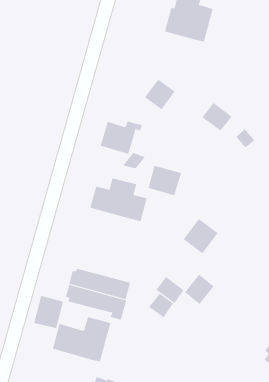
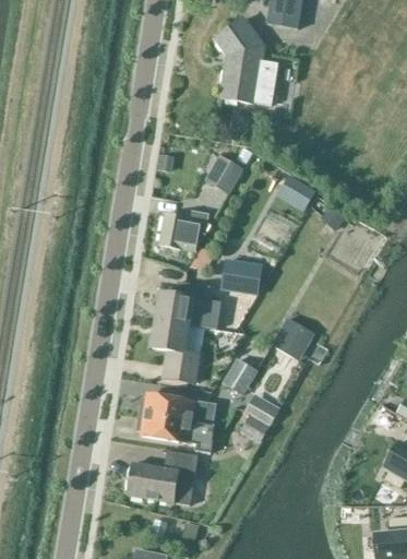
building: none -> [152,320,200,382]
building: [184,274,215,305] -> [223,357,259,394]
building: [33,295,64,329] -> none

